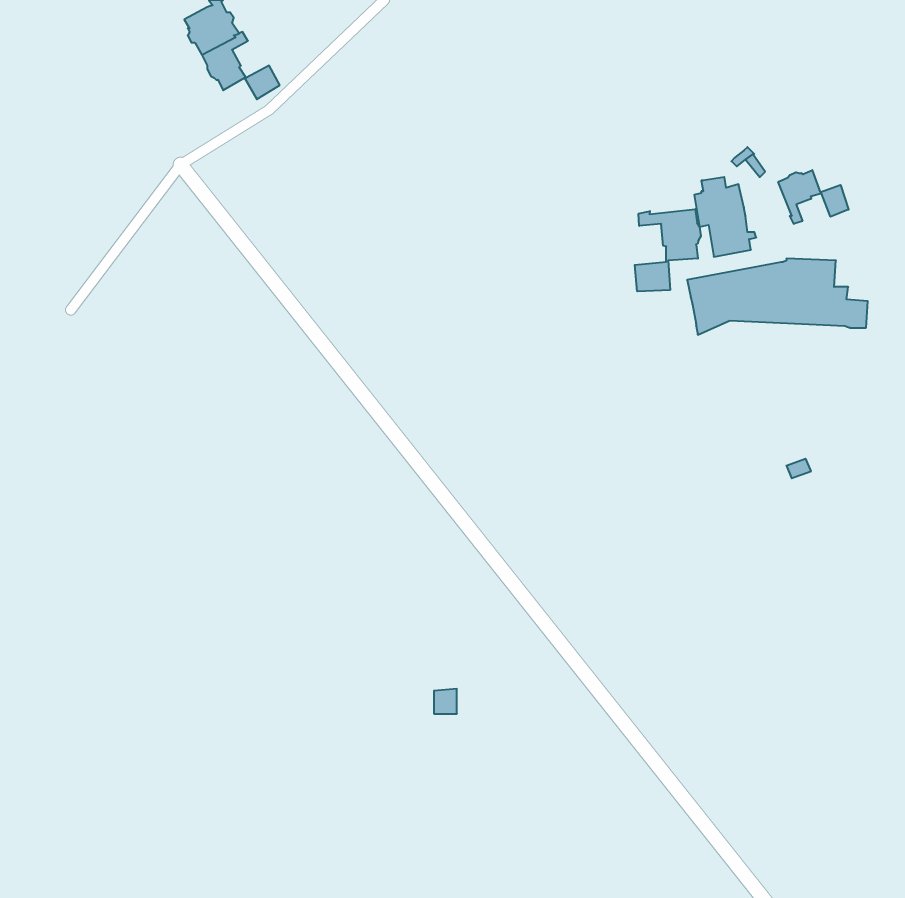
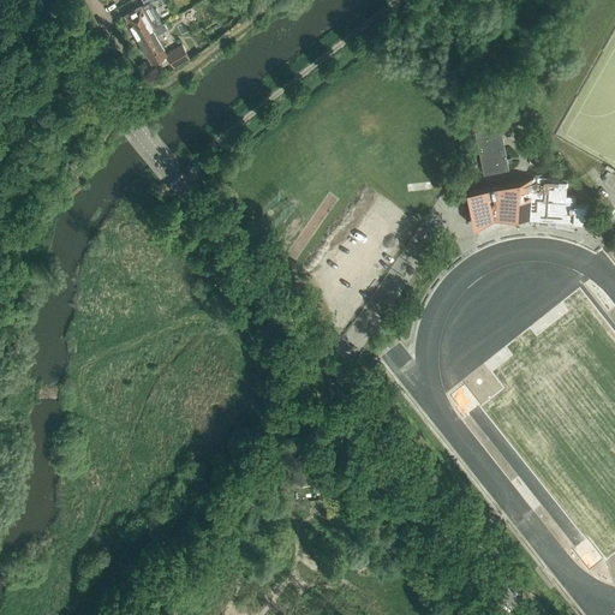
building: [778,170,849,224] -> none
building: [635,209,701,291] -> none

